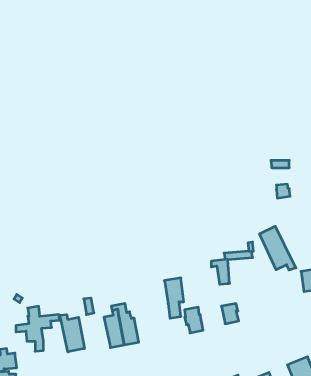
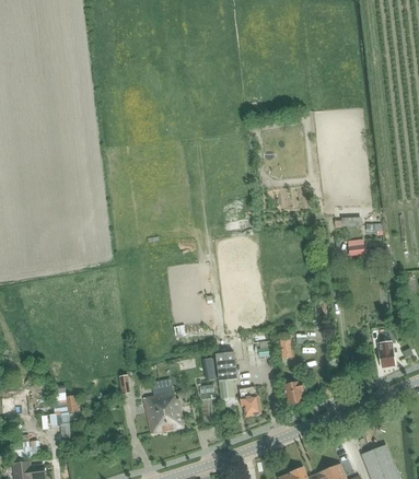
building: [260,226,296,270] -> none
building: [60,315,84,352] -> none

